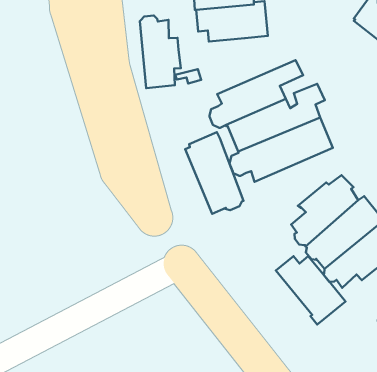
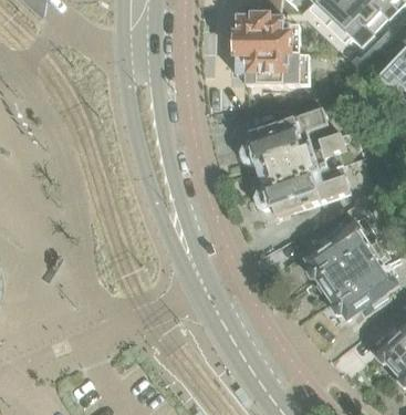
building: [140,16,181,88] -> none
building: [185,132,244,214] -> none
building: [276,256,345,325] -> none

